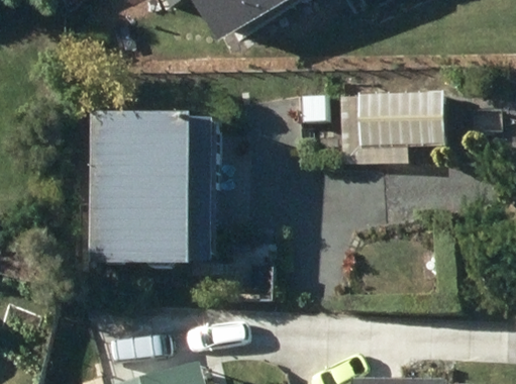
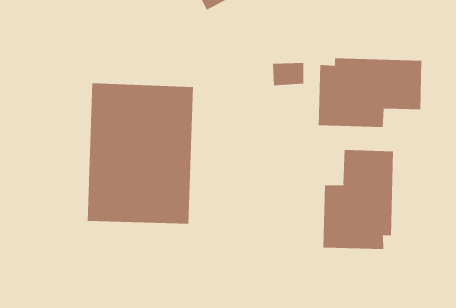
building: none -> [323,149,394,250]

